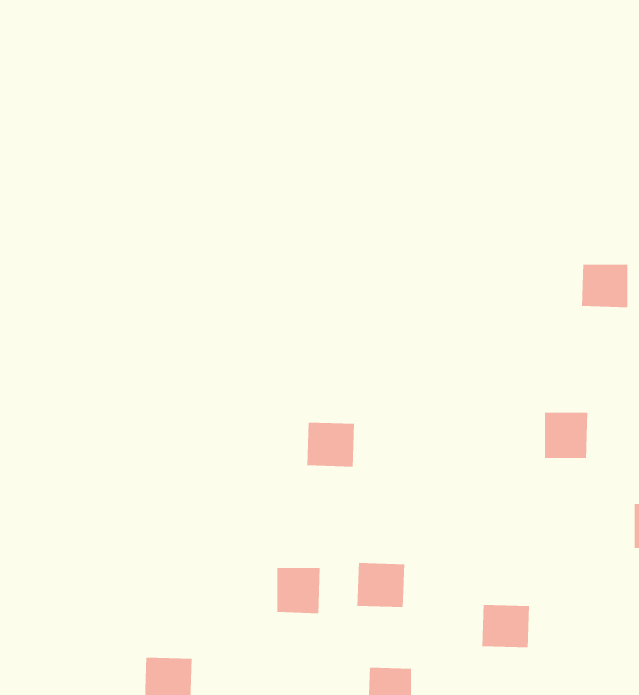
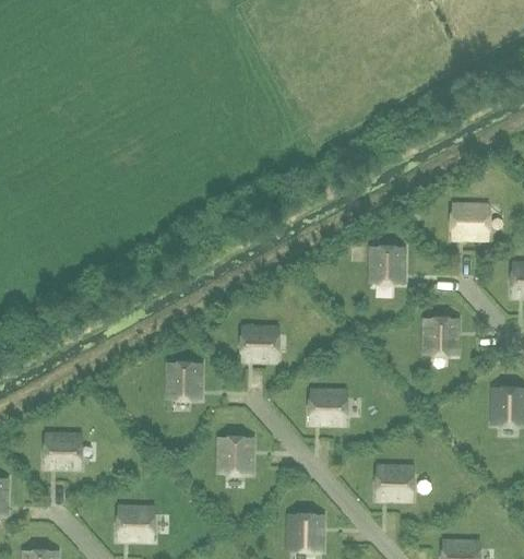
building: none -> [370,245,404,282]
building: none -> [167,361,201,397]
building: [357,562,405,608] -> [309,388,346,423]
building: none -> [45,432,81,466]

